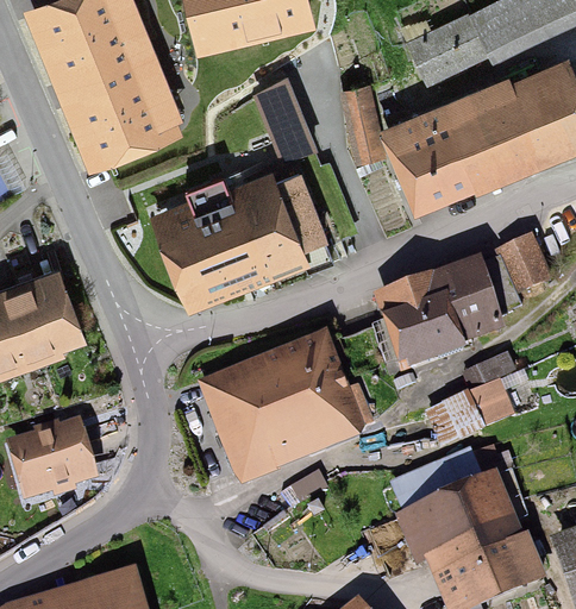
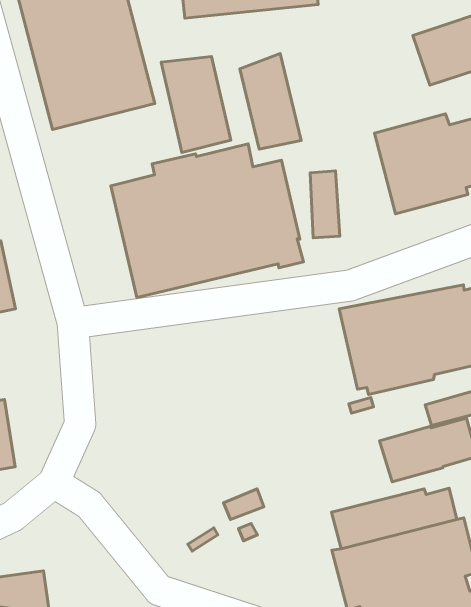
building: none -> [161,57,231,153]
building: [345,90,380,153] -> [310,171,340,238]
building: [196,329,371,485] -> none

